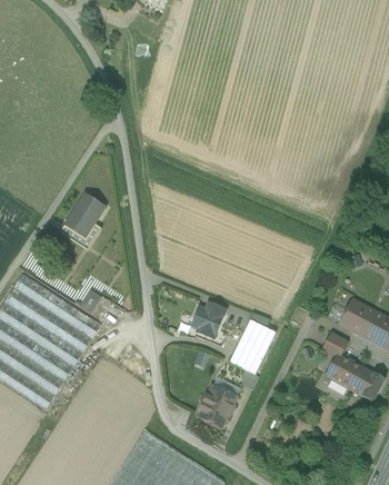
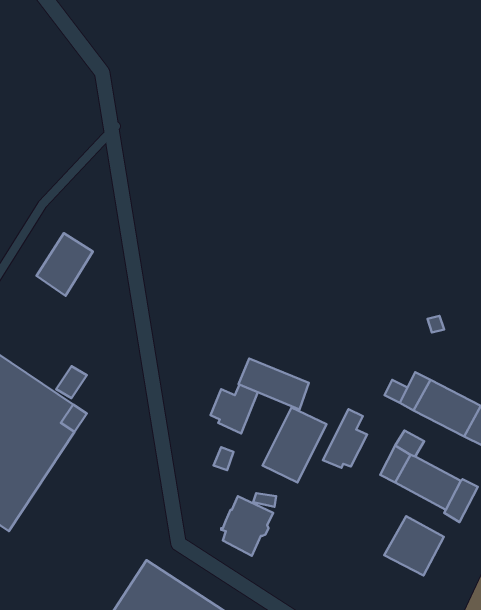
building: none -> [239,359,309,410]
building: none -> [323,409,367,468]
building: none -> [384,516,444,575]

